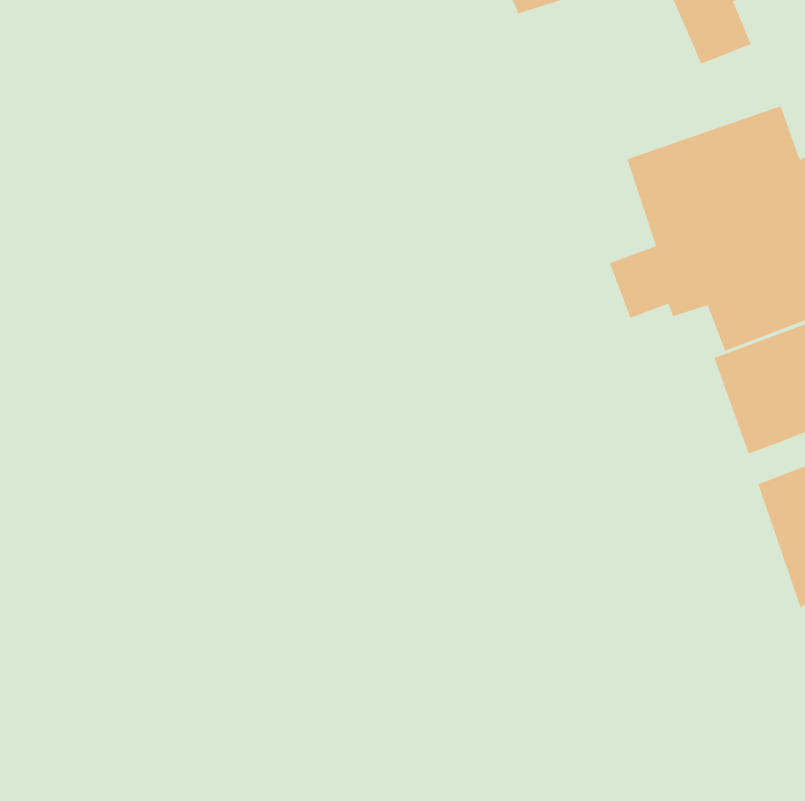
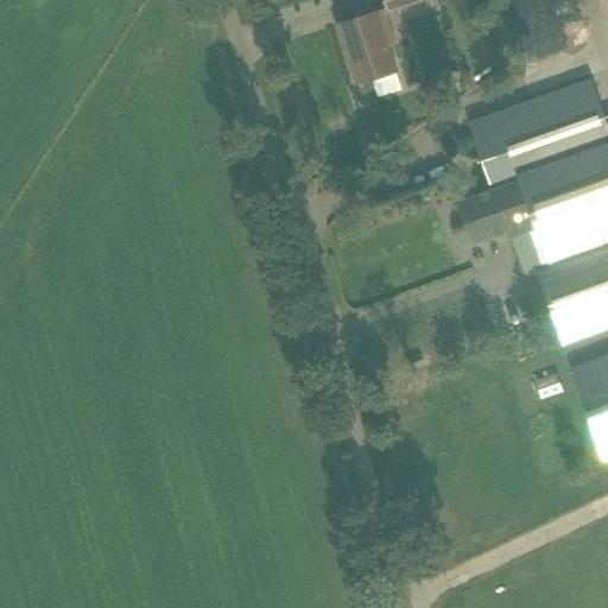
building: none -> [337,7,400,82]

